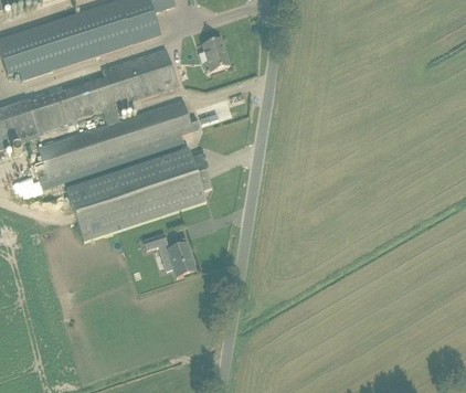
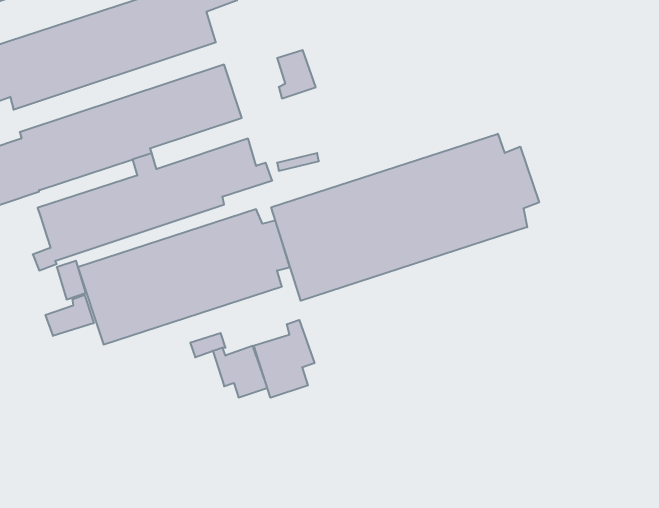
building: none -> [271,134,539,301]
building: none -> [46,295,94,336]
building: none -> [254,320,314,398]

